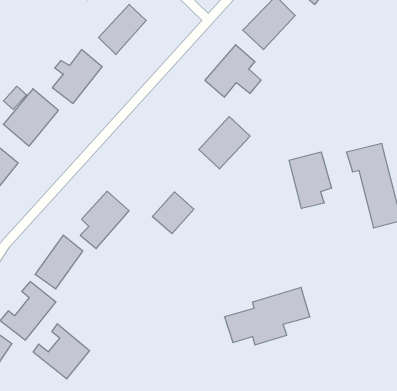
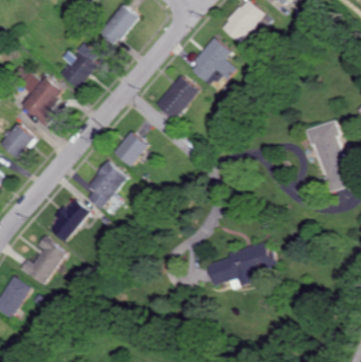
building: [199,117,250,169] -> [155,75,198,119]
building: [289,152,331,209] -> none
building: [152,192,194,233] -> [113,131,147,165]
building: [33,324,89,379] -> none

